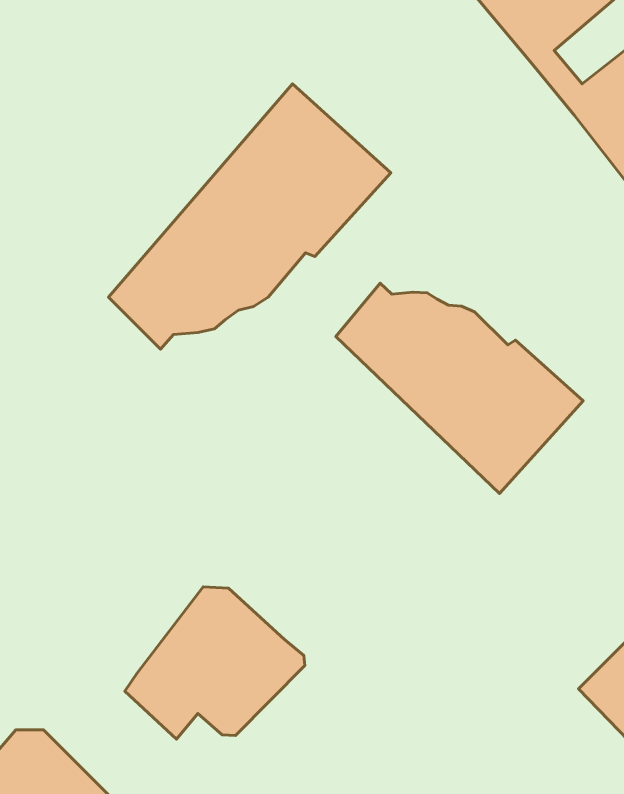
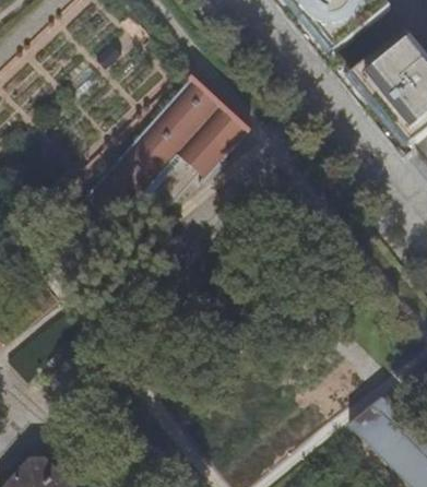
building: [336,283,583,493] -> none
building: [125,587,305,739] -> none

